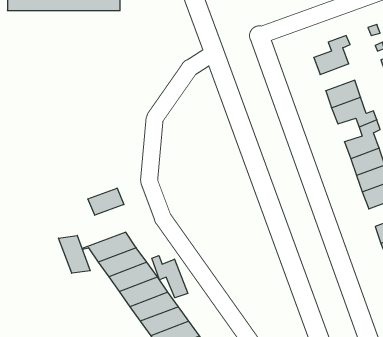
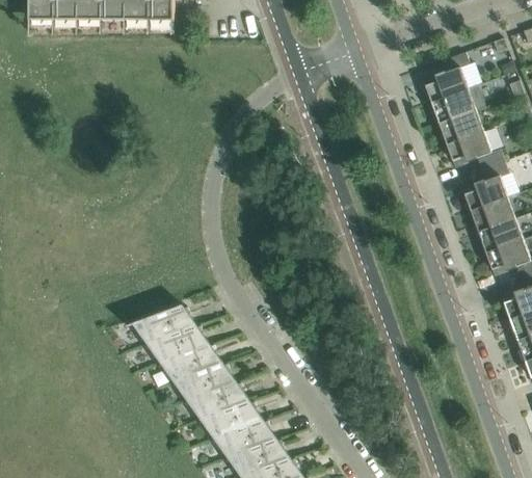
building: none -> [431,85,485,123]
building: [88,188,124,215] -> none
building: [59,235,90,273] -> none
building: [152,256,188,298] -> none

